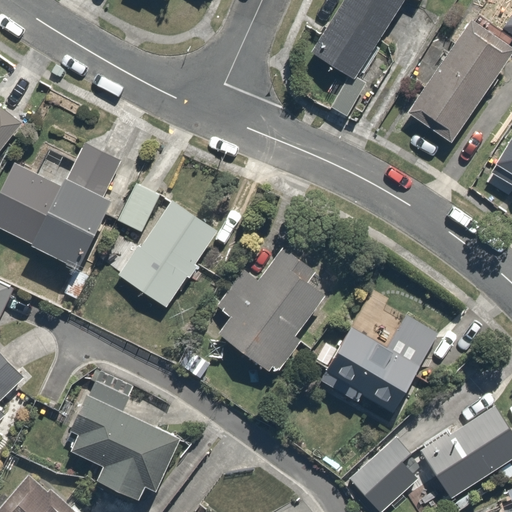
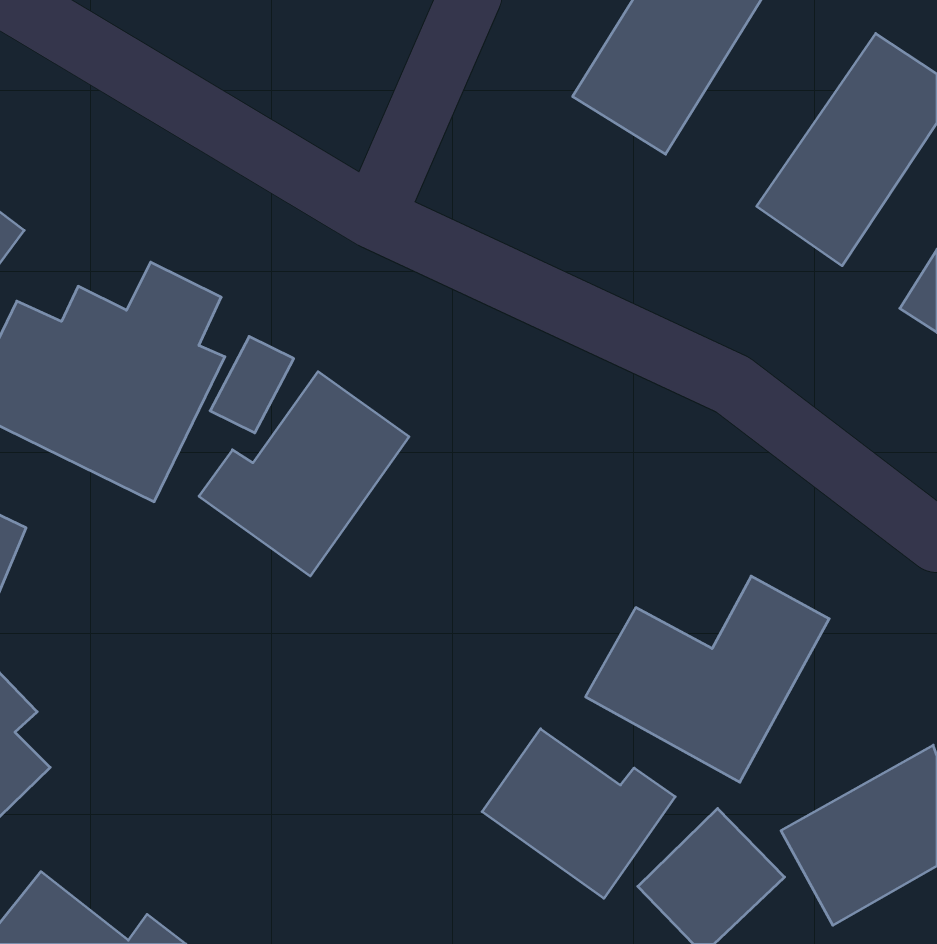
building: [210,245,342,379] -> none
building: none -> [482,729,675,898]
building: [59,395,182,501] -> none

